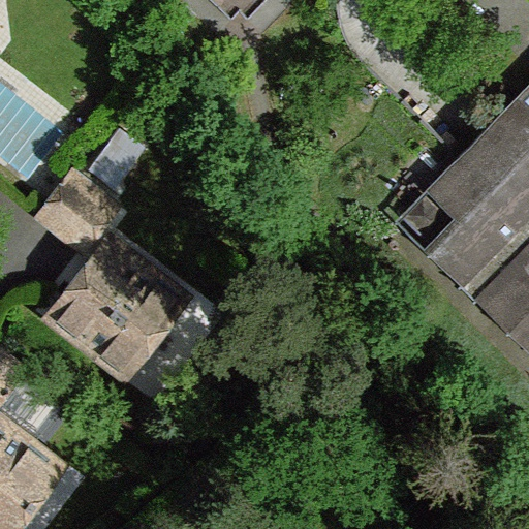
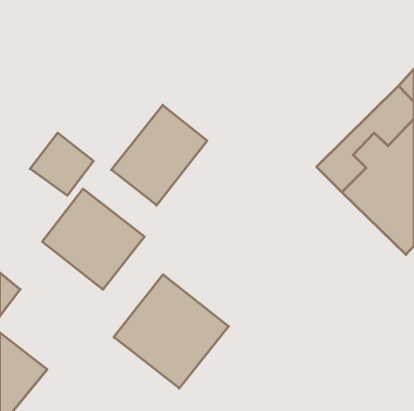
building: none -> [111,105,207,205]
building: none -> [114,275,229,388]

